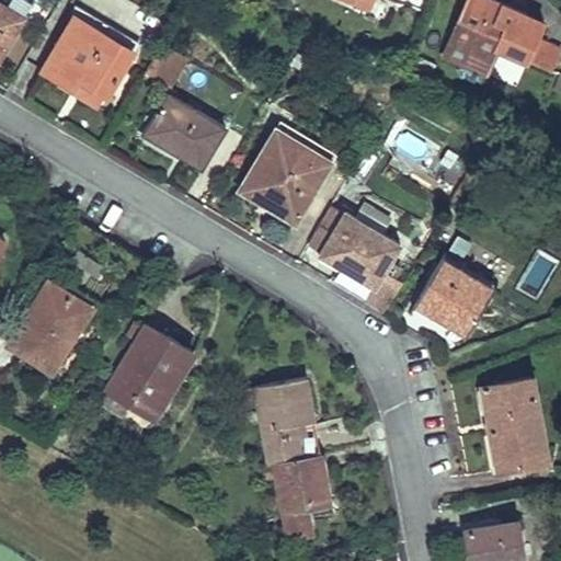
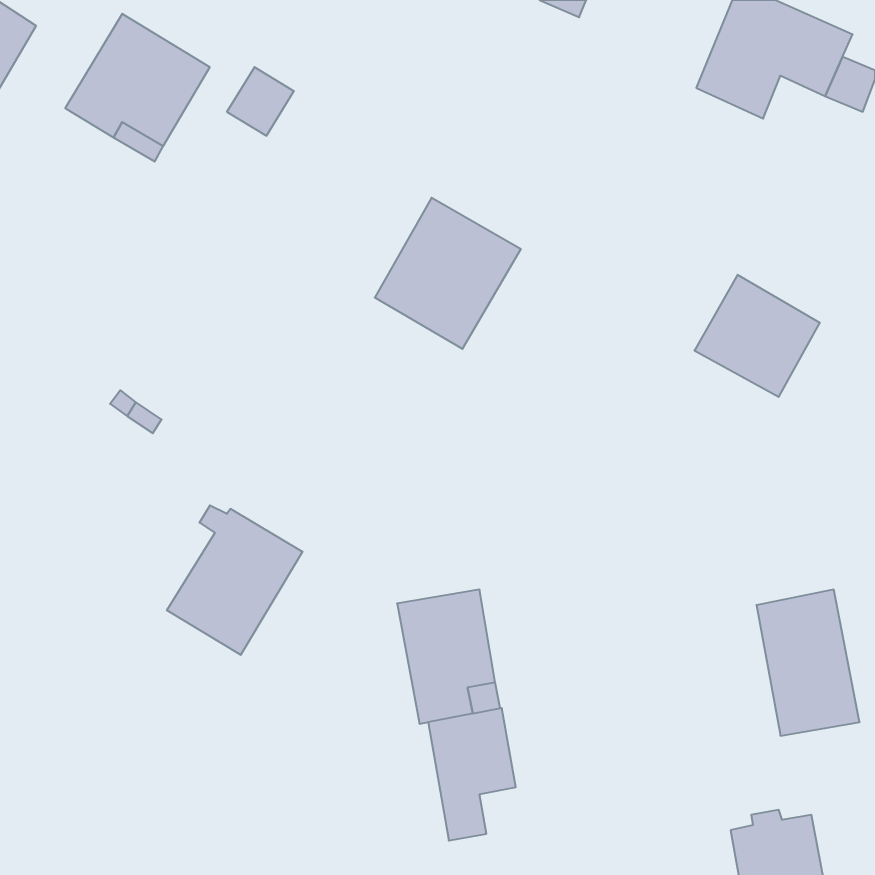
building: [144,94,225,170] -> none
building: [320,214,398,287] -> none
building: [414,256,494,334] -> [694,275,820,397]
building: [9,282,96,376] -> none

